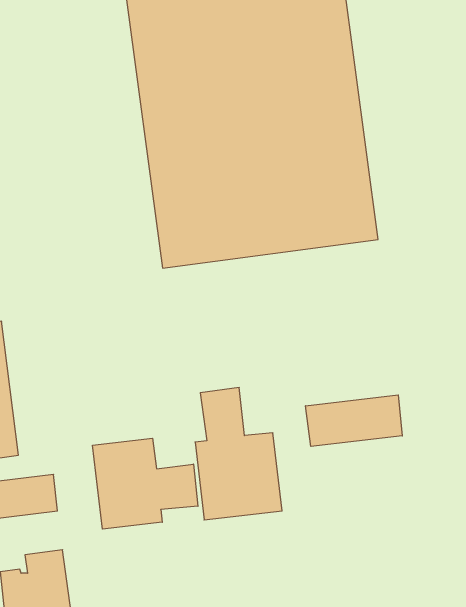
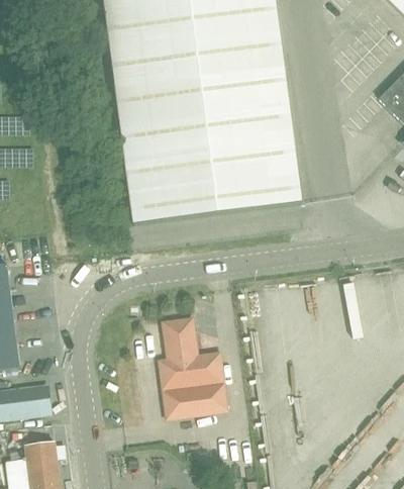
building: [306,395,402,446] -> none
building: [93,438,198,529] -> none

